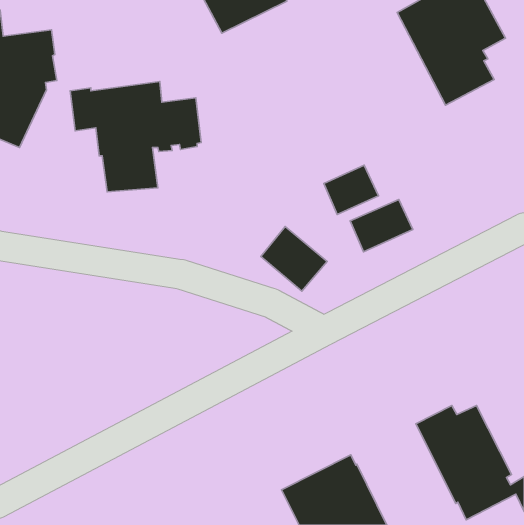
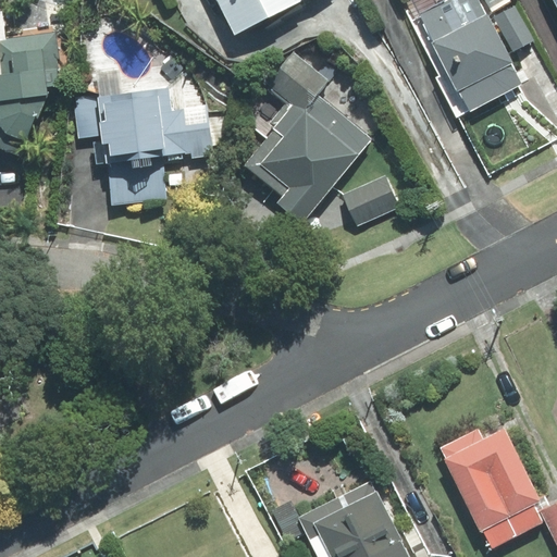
building: none -> [243,50,372,223]
building: [350,200,413,252] -> none
building: [261,226,327,291] -> none

